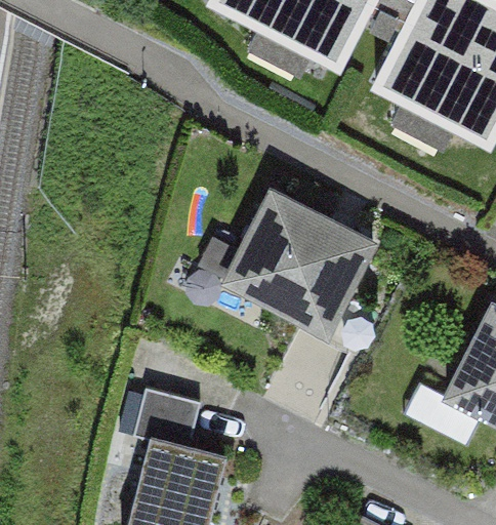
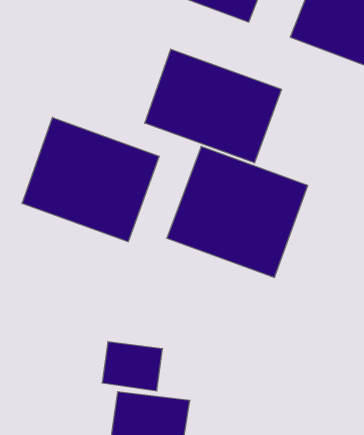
building: none -> [145,49,281,163]
building: none -> [22,117,159,242]

